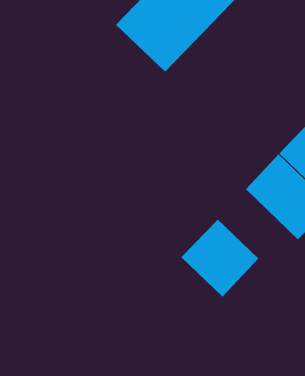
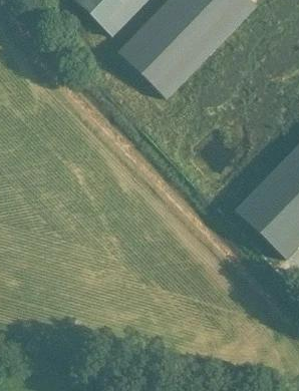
building: [180,219,259,298] -> none

